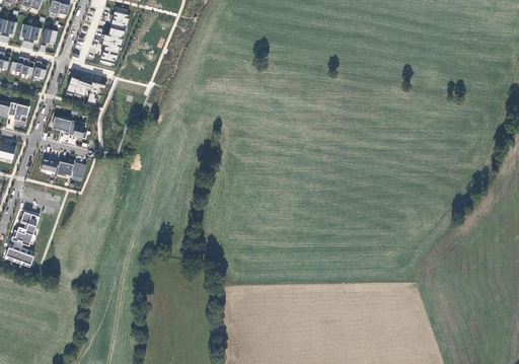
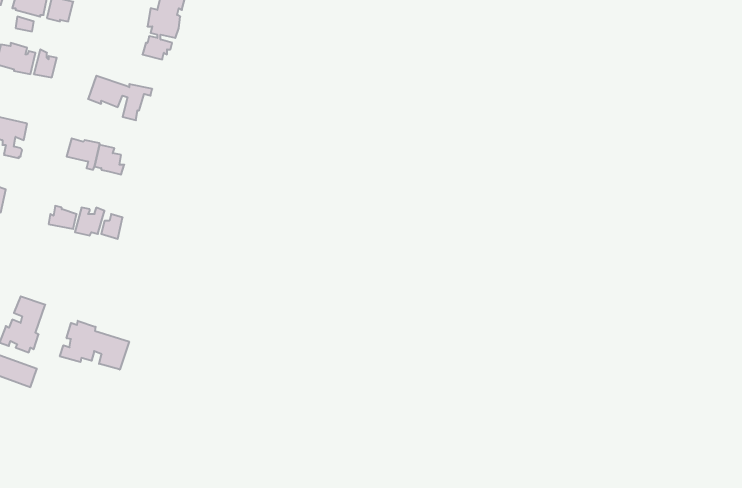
building: none -> [60,321,129,370]

